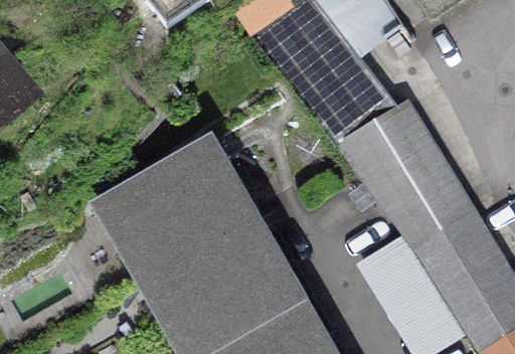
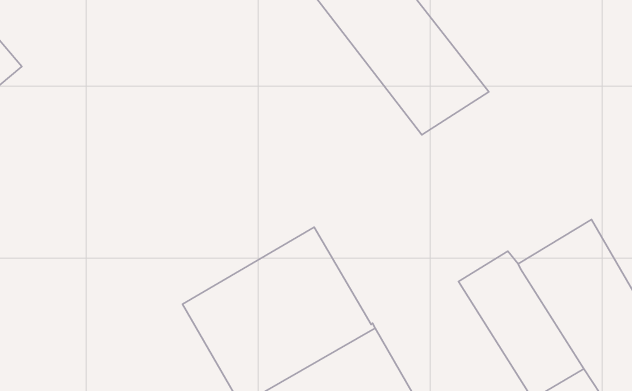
building: [338,101,473,245] -> none
building: [103,138,252,278] -> none

